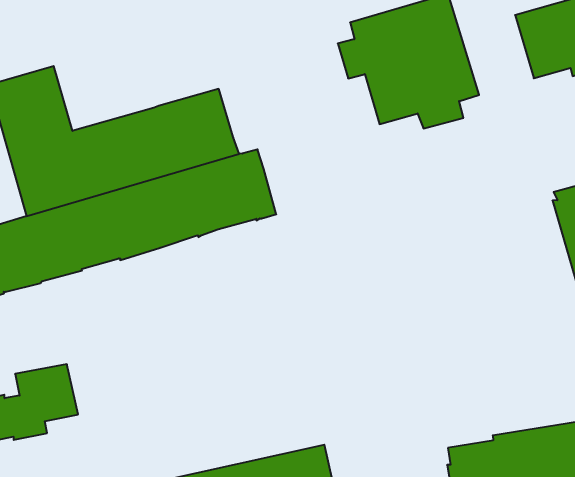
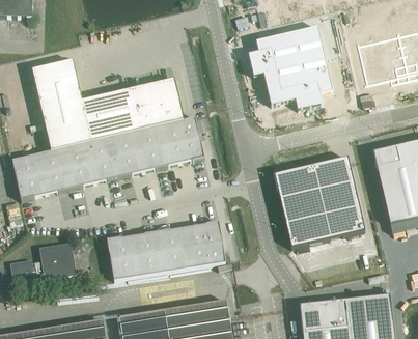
building: none -> [274,156,365,247]
building: none -> [107,220,226,279]

